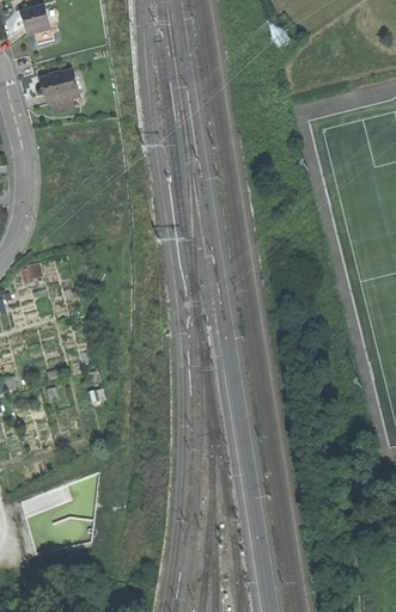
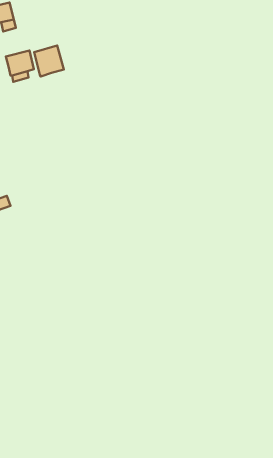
building: none -> [34,45,64,76]

